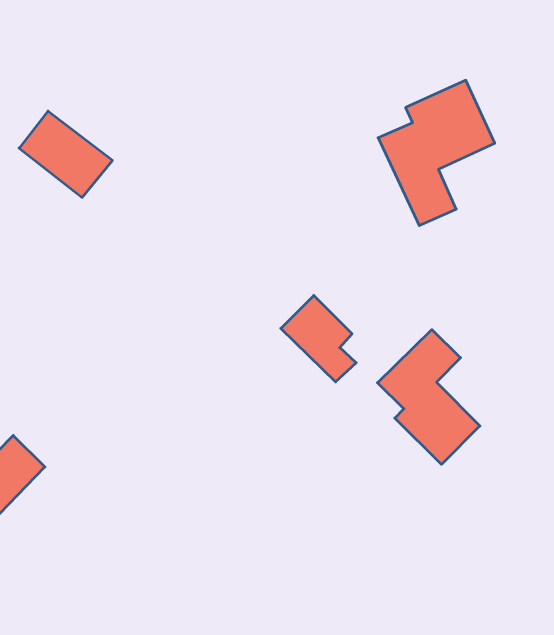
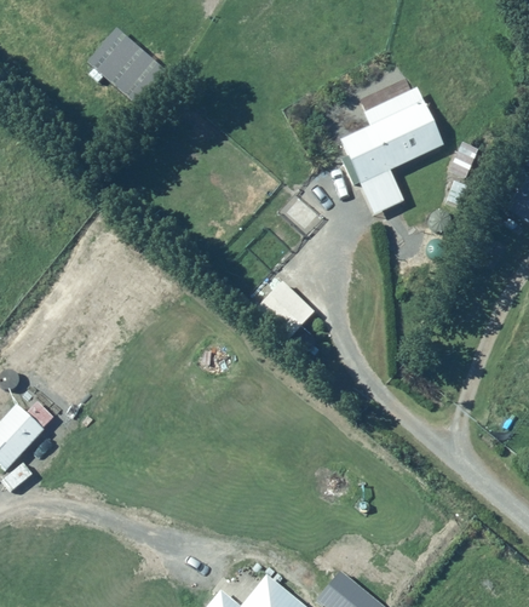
building: [19,111,112,197] -> [86,25,168,102]
building: [377,330,480,464] -> none

